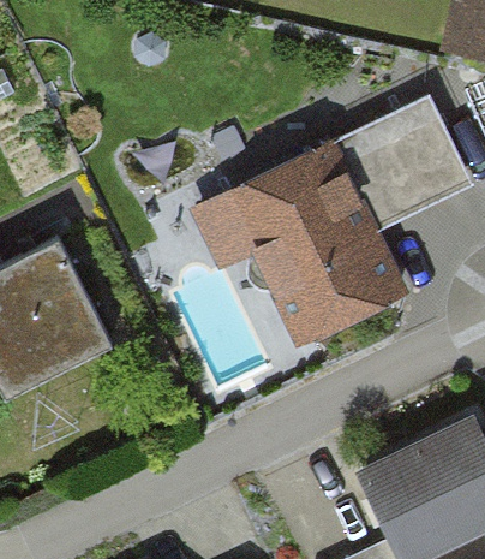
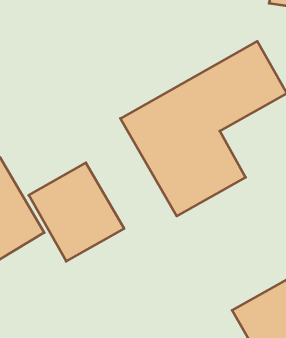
building: none -> [29,163,124,261]

